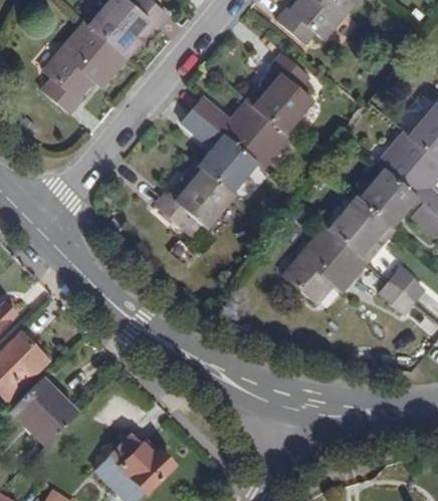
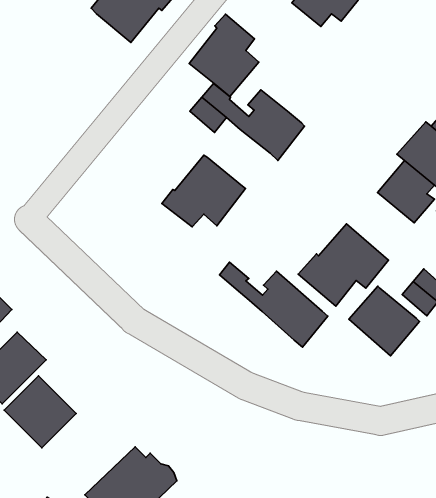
building: [42,25,127,114] -> none
building: [248,55,313,133] -> [189,14,259,97]
building: [198,139,257,192] -> none
building: [328,196,395,261] -> [349,286,420,356]
building: none -> [219,262,328,347]

